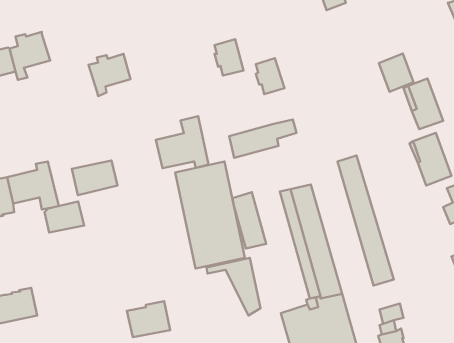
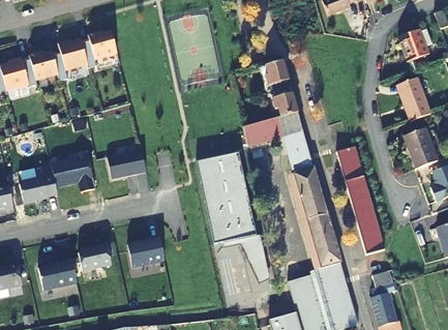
building: [215,39,243,75] -> [273,87,298,118]
building: [379,53,414,92] -> [398,28,428,61]
building: [89,54,131,96] -> [82,31,118,67]
building: [156,116,208,168] -> none
building: [233,192,266,249] -> [285,125,313,174]
building: [44,201,84,233] -> [79,242,113,269]
building: [127,301,170,337] -> [128,235,166,266]

